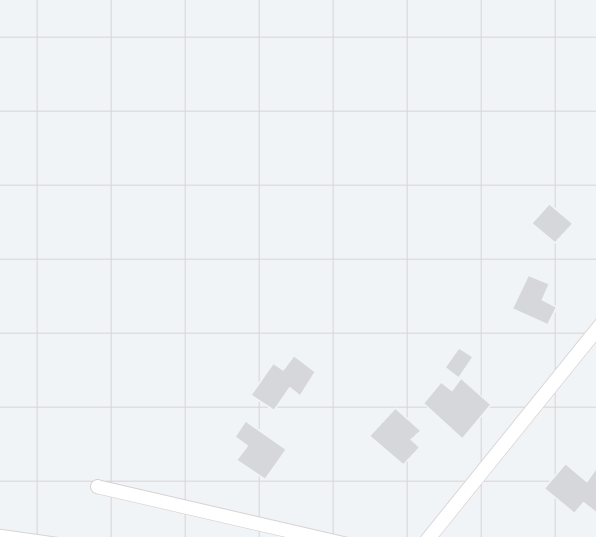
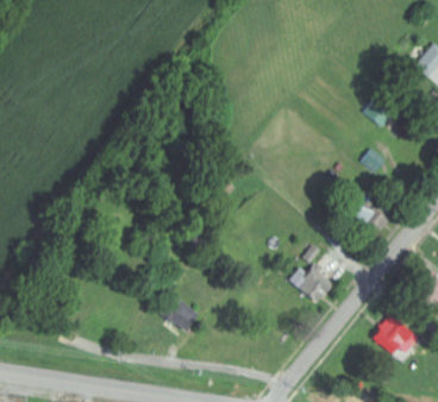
building: [251,356,315,411] -> none
building: [370,408,421,465] -> none

